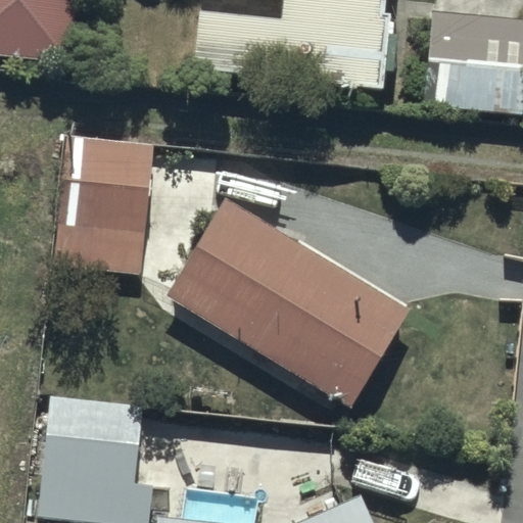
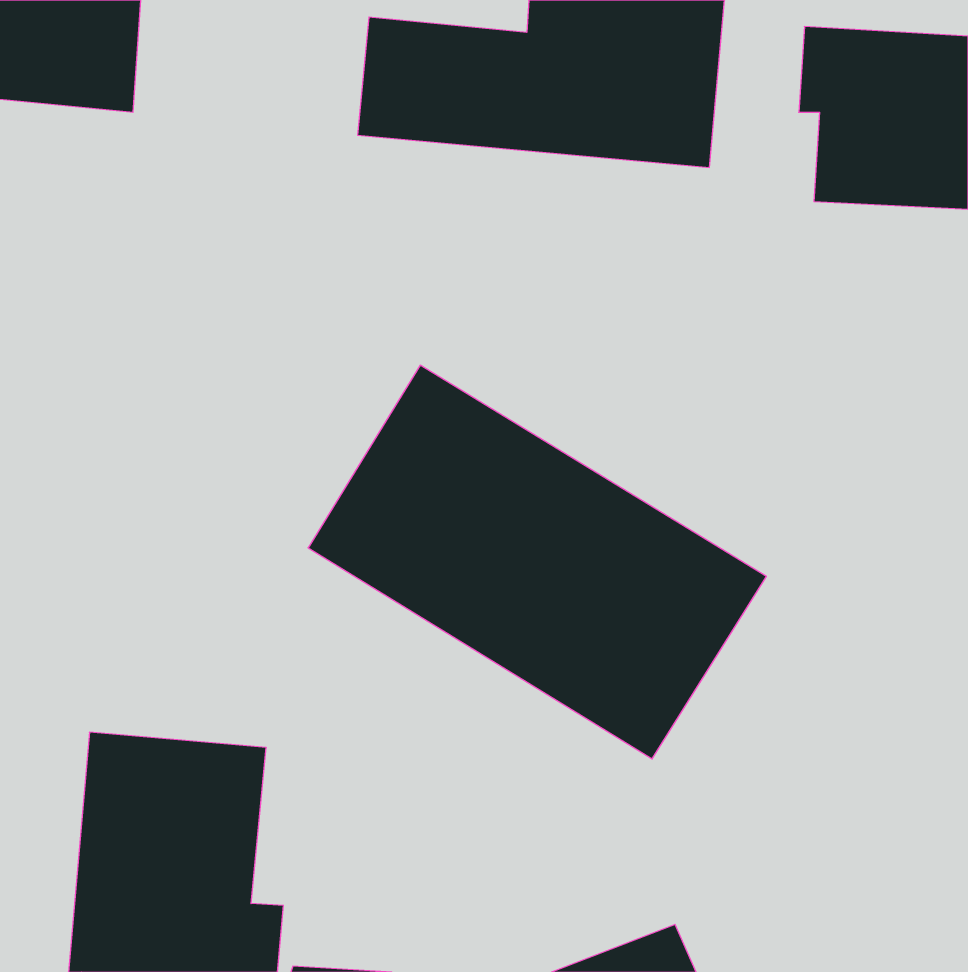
building: [51,137,152,274] -> none

